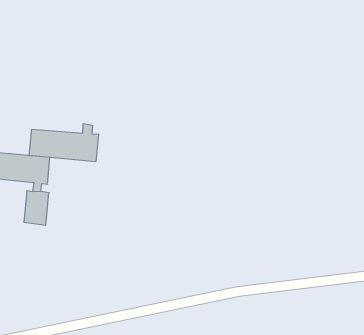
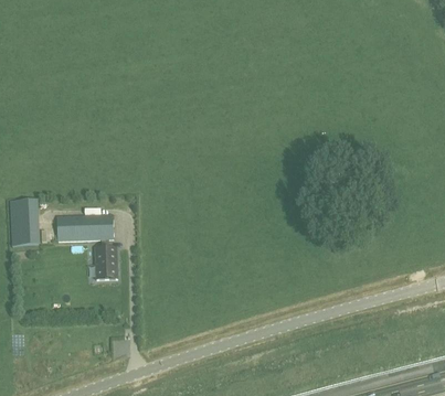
building: [29,124,99,162] -> none

